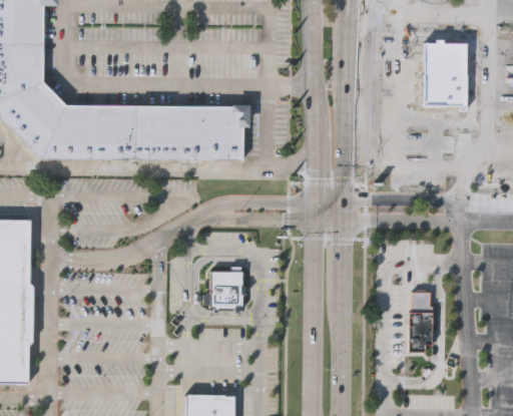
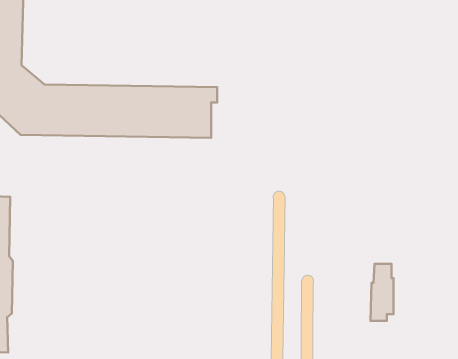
building: [420,44,468,106] -> none
building: [209,266,245,310] -> none

